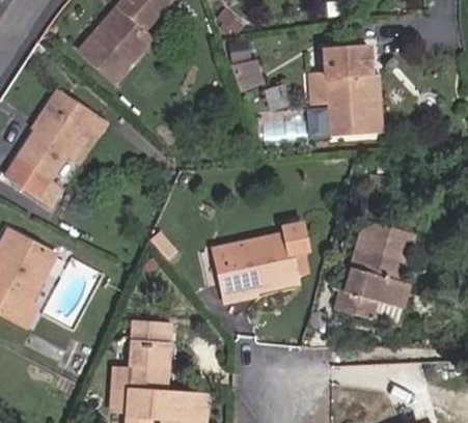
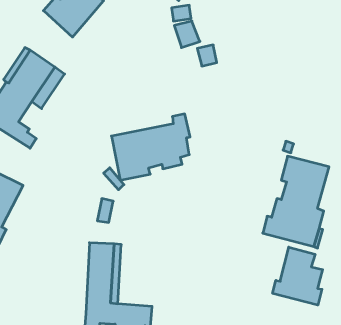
building: [309,46,381,137] -> none
building: [213,223,305,301] -> [111,114,190,180]
building: none -> [273,247,323,305]

